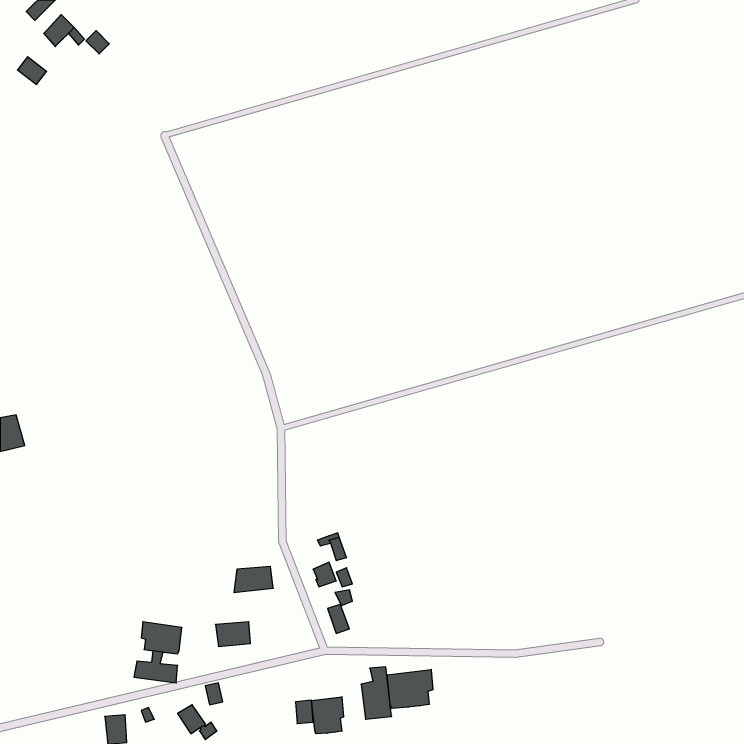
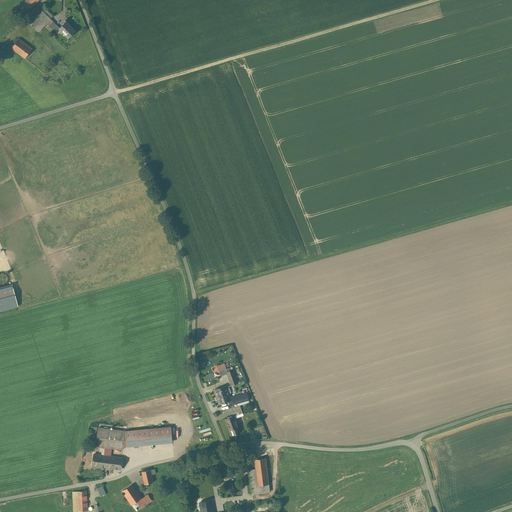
building: [234,566,273,593] -> [123,429,150,447]
building: [387,669,433,708] -> none
building: [312,697,344,734] -> none

